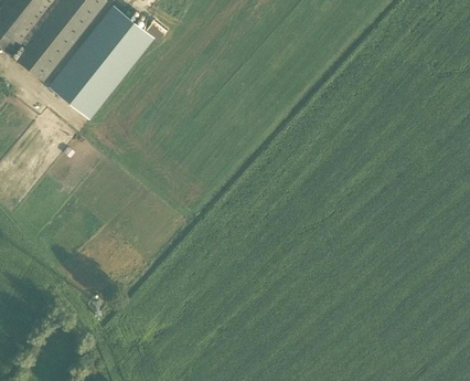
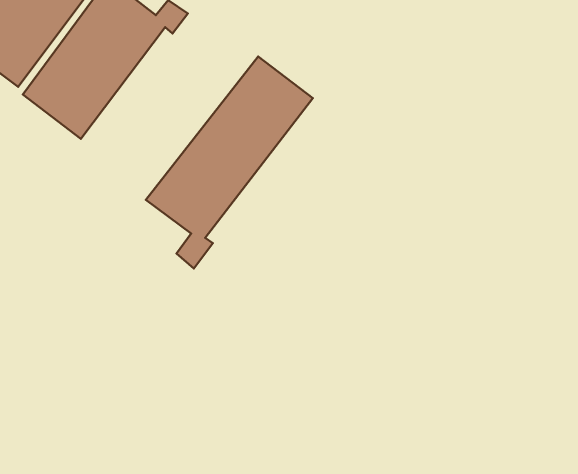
building: none -> [146,56,313,268]

